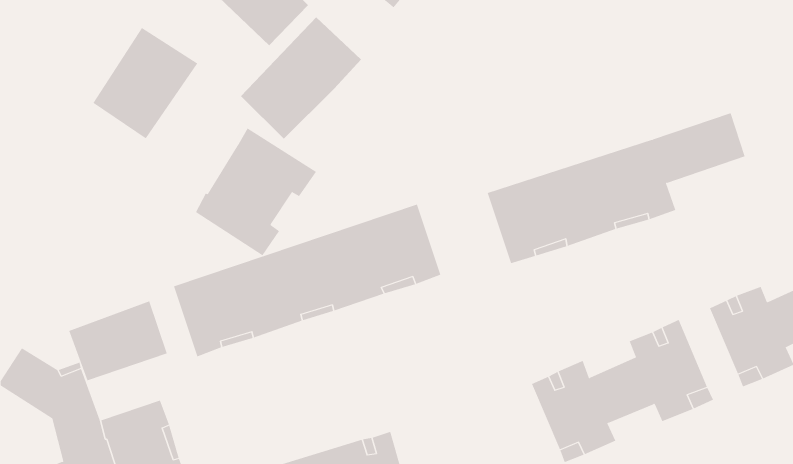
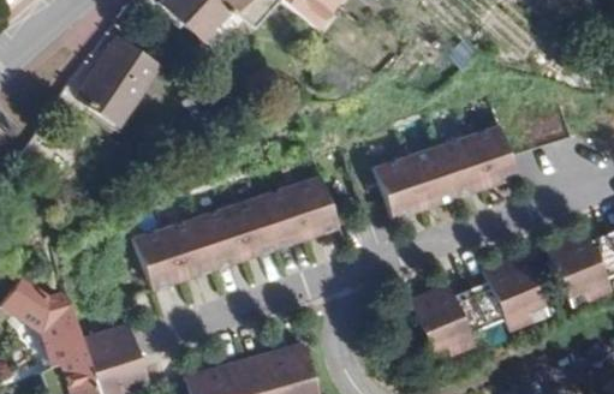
building: [240,16,362,139] -> none
building: [195,128,317,256] -> none
building: [68,300,168,381] -> none

